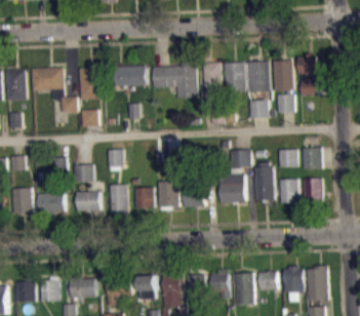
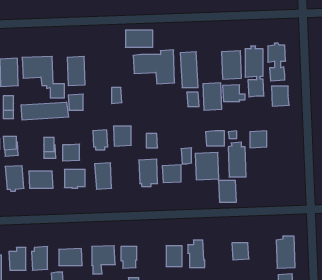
building: [224,62,244,91] -> [203,83,222,110]
building: [115,67,145,85] -> [125,30,153,47]
building: none -> [21,102,69,120]
building: [302,147,321,168] -> [271,86,289,106]
building: [304,176,323,201] -> none
building: [279,179,298,202] -> [218,180,236,202]
building: [133,187,153,208] -> [113,126,131,146]
building: [283,265,303,301] -> none
building: [162,271,183,307] -> none
building: [235,272,253,303] -> none

